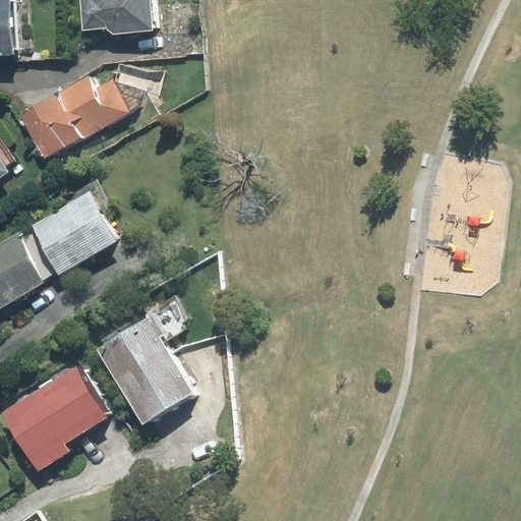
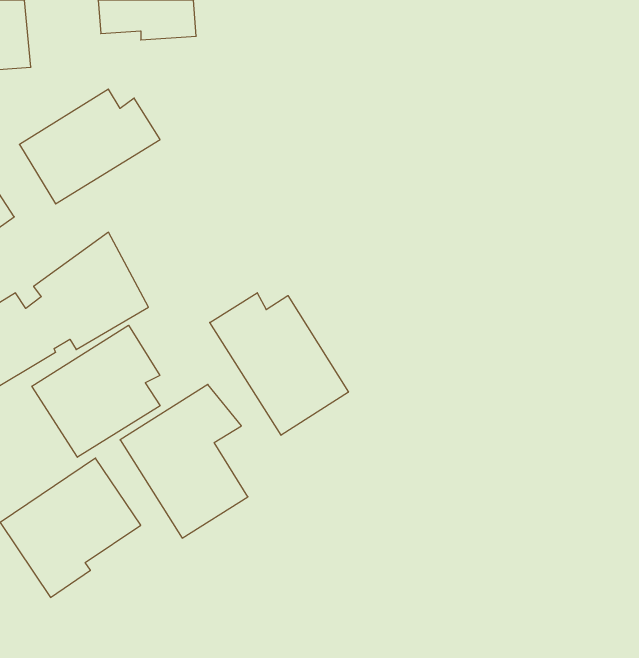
building: none -> [210,293,348,435]
building: none -> [32,325,160,457]

